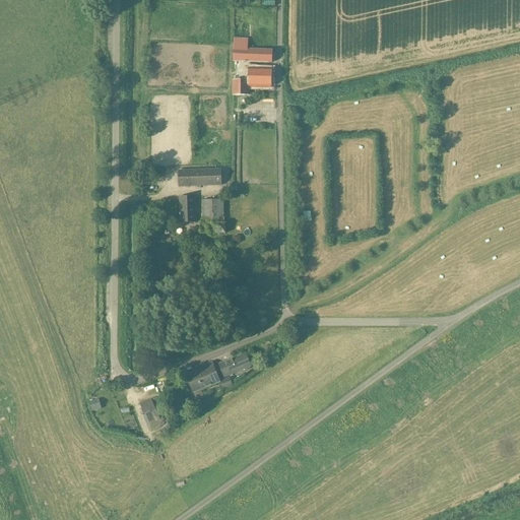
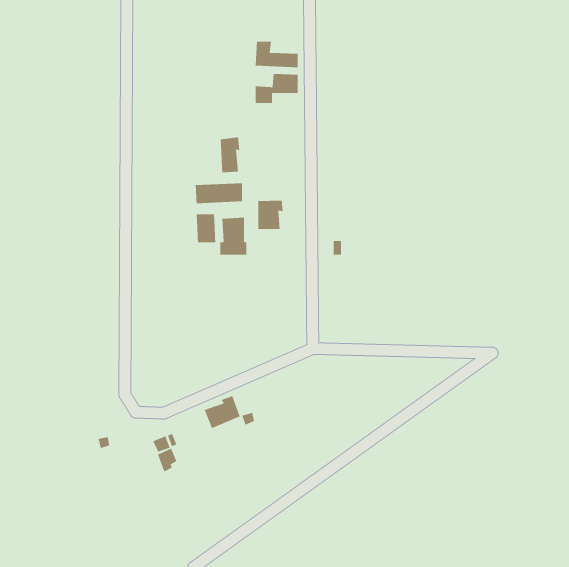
building: none -> [220,137,240,173]
building: none -> [258,200,283,230]
building: [219,351,252,376] -> none

